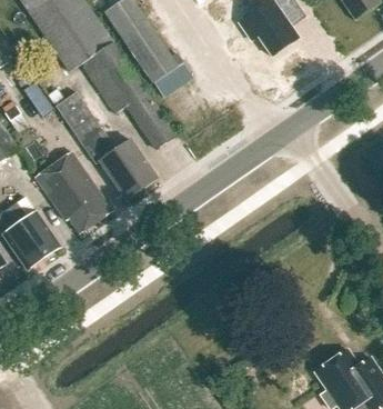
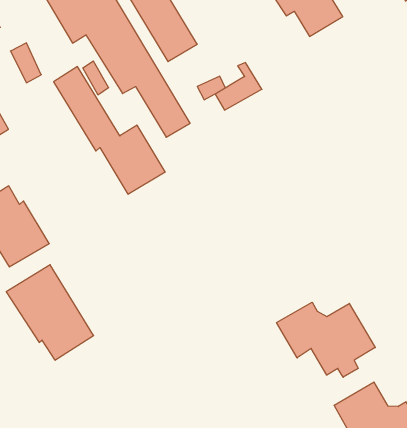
building: [153,53,193,96] -> [215,63,262,110]
building: [34,151,112,233] -> [6,265,94,360]
building: none -> [277,302,375,377]

